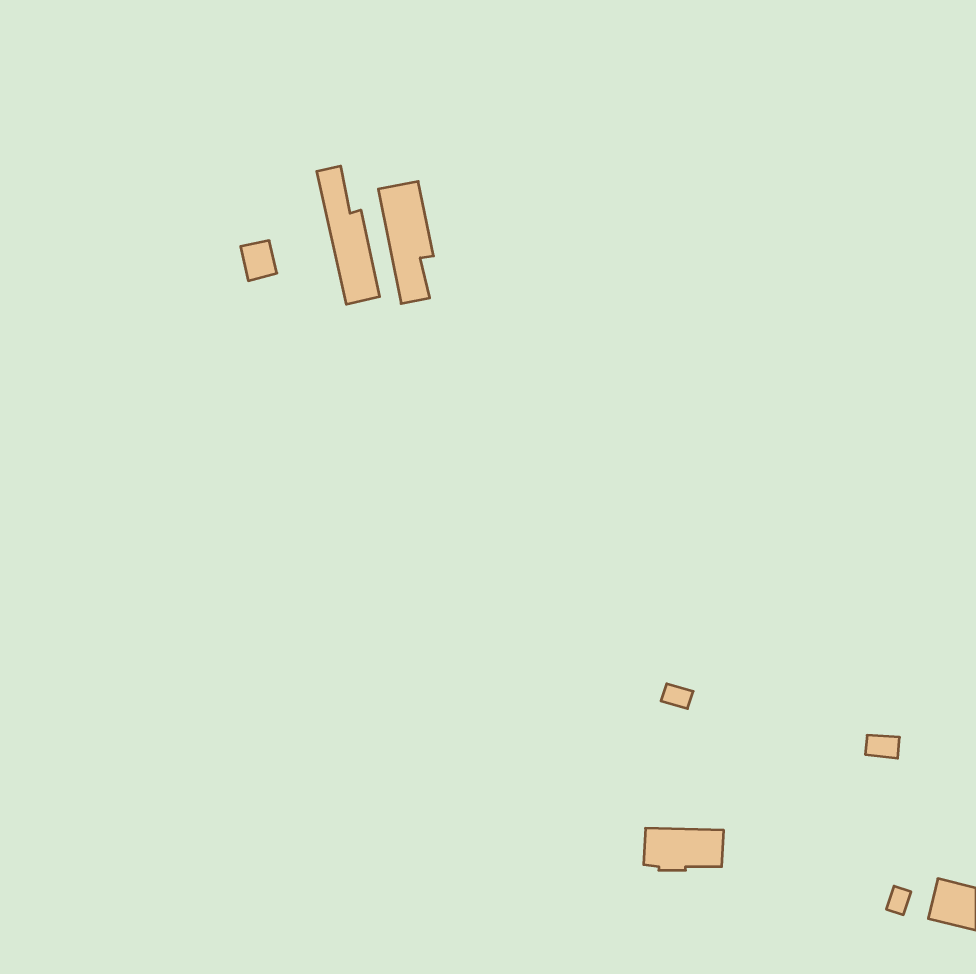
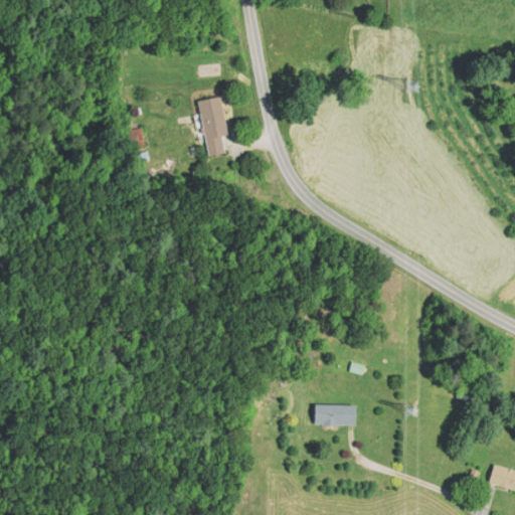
building: [317,166,380,304] -> none
building: [644,828,724,870] -> [314,404,356,426]

